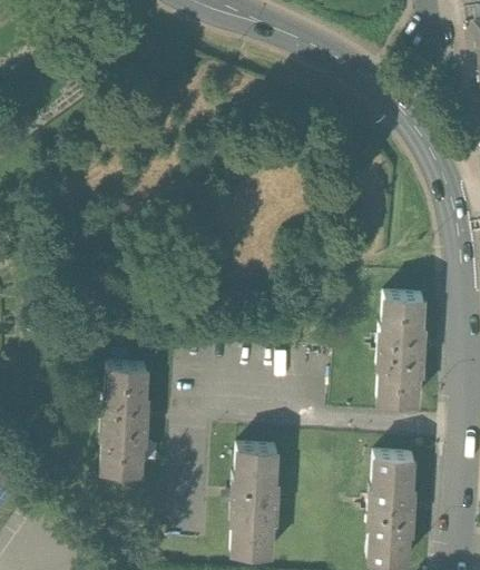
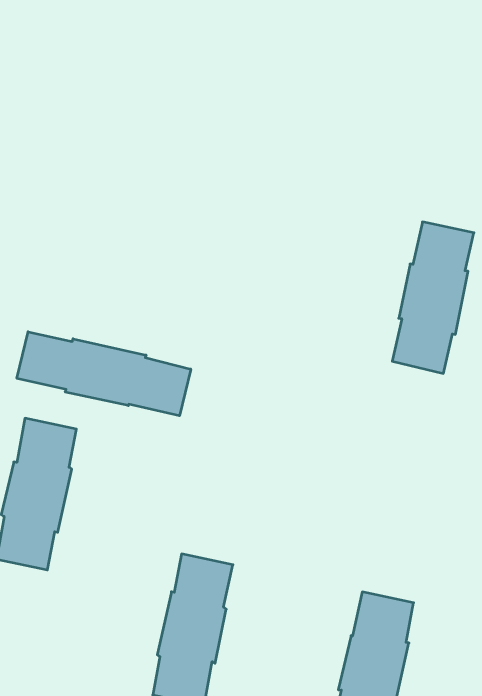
building: [378,293,423,402] -> [392,222,474,373]
building: none -> [17,332,191,416]

